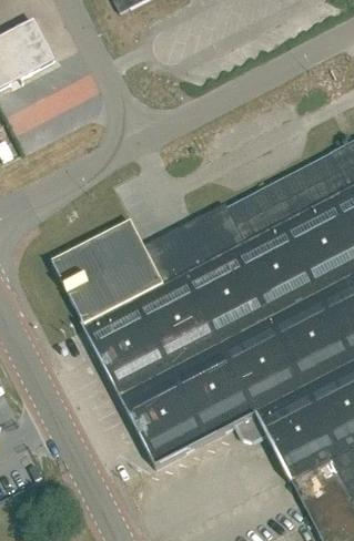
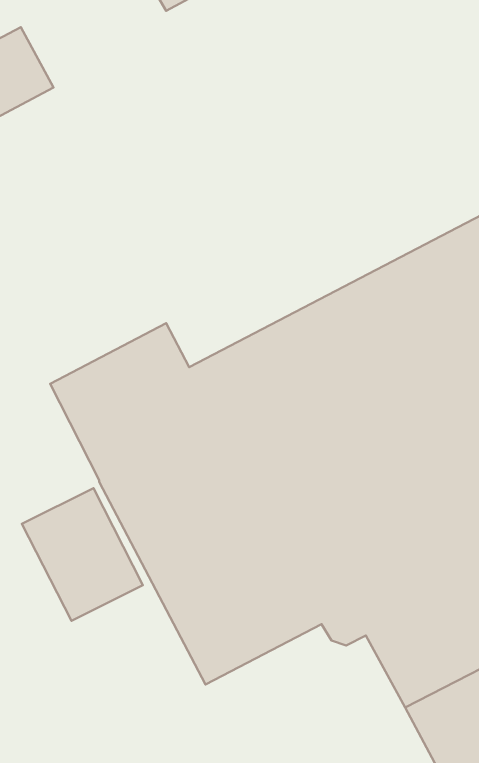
building: none -> [22,488,143,621]

